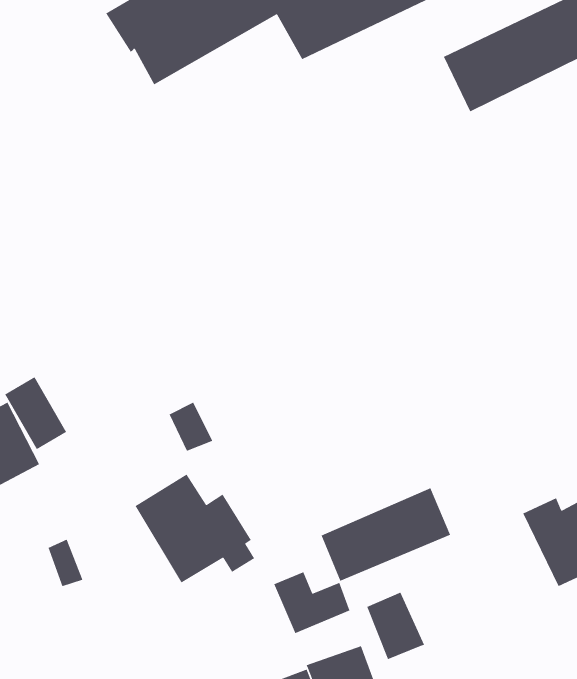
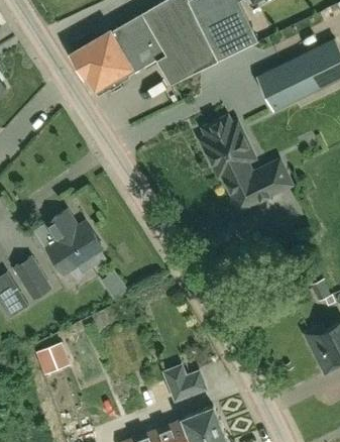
building: none -> [200,116,293,211]
building: [134,473,255,584] -> [37,212,105,273]
building: [320,487,451,582] -> none
building: [366,592,425,660] -> none

